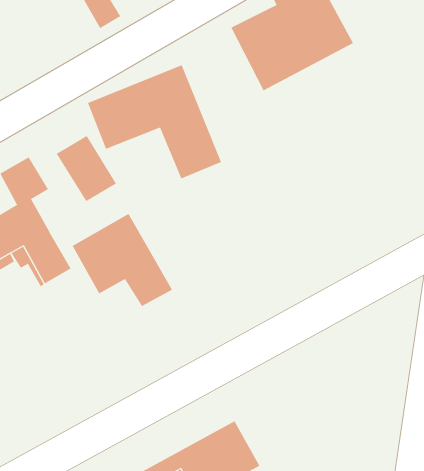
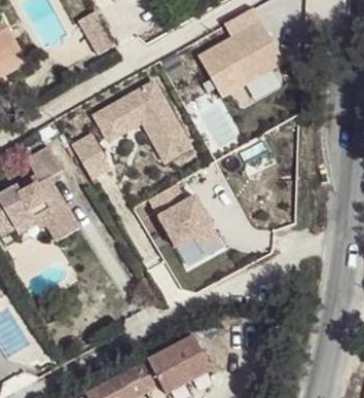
building: [72,213,173,307] -> [148,191,221,259]

